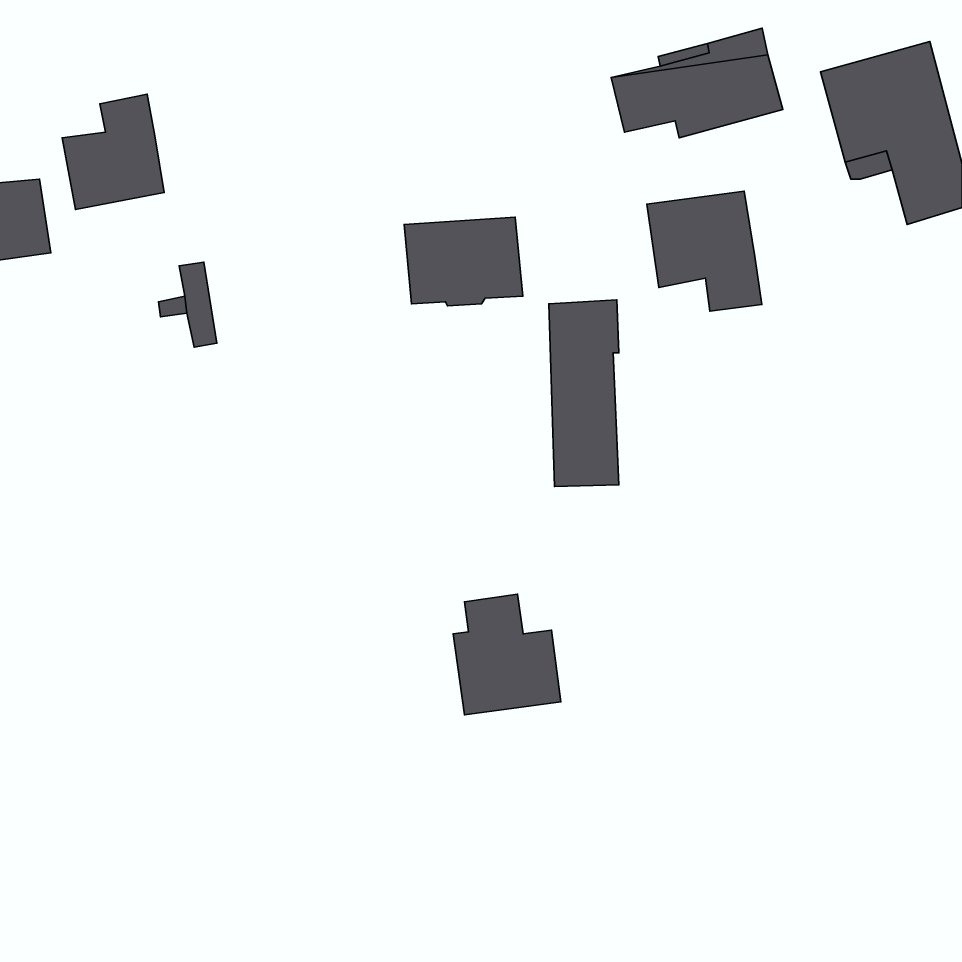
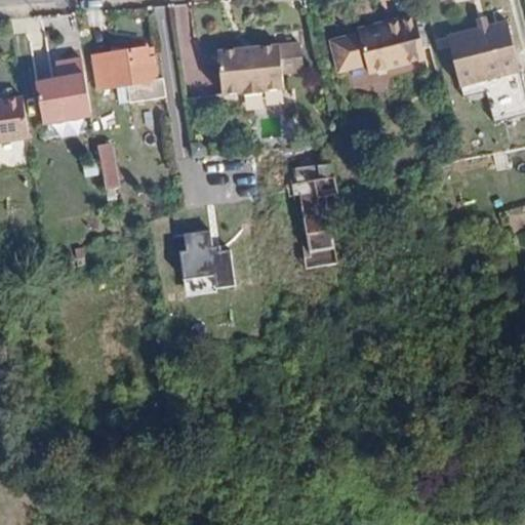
building: none -> [92,47,157,89]
building: [647,191,762,311] -> none
building: [404,217,523,306] -> [217,45,282,93]
building: [453,594,561,715] -> [179,229,238,294]

